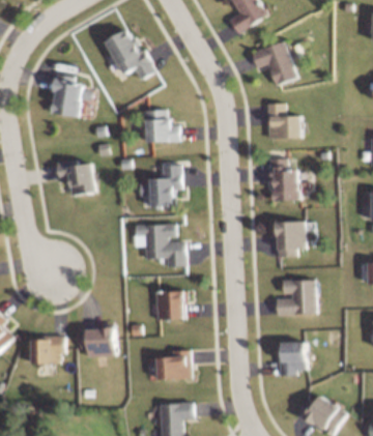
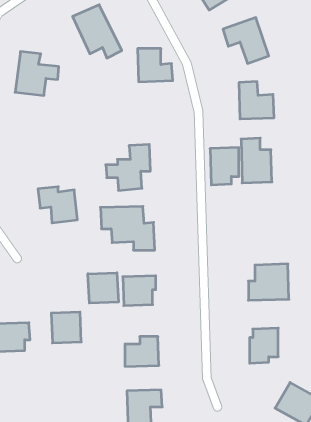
building: [145,110,179,142] -> [138,49,173,82]
building: [57,159,95,195] -> [38,187,77,223]
building: [277,221,305,257] -> [210,148,239,185]
building: none -> [88,273,118,303]

